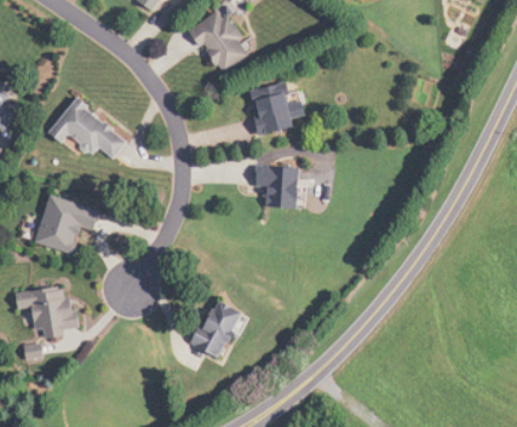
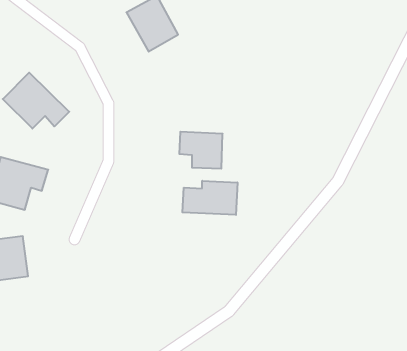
building: [251,82,299,134] -> none
building: none -> [182,181,237,215]
building: [190,296,247,358] -> none

